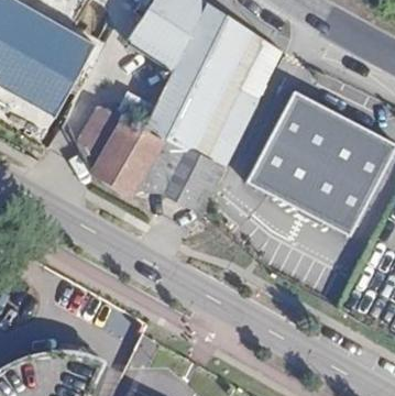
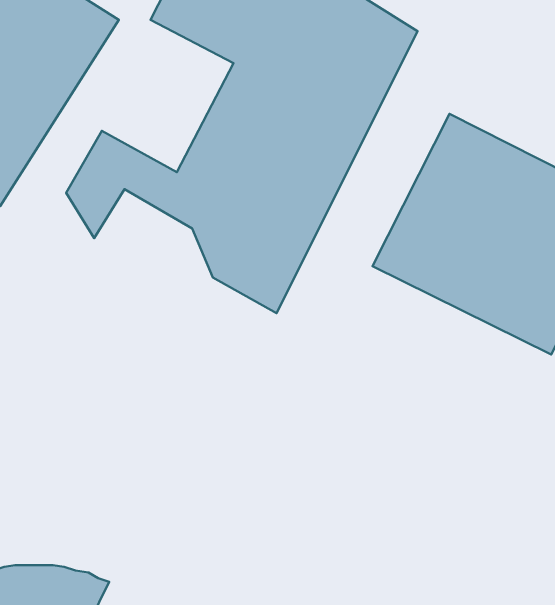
building: [89,139,158,191] -> none

